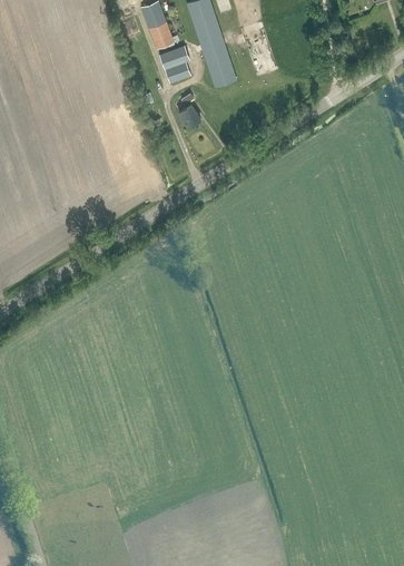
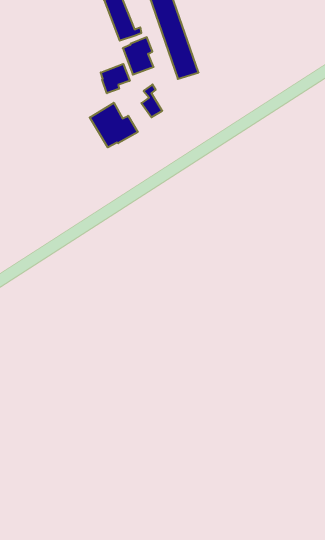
building: none -> [101,64,130,93]
building: none -> [90,103,138,147]

